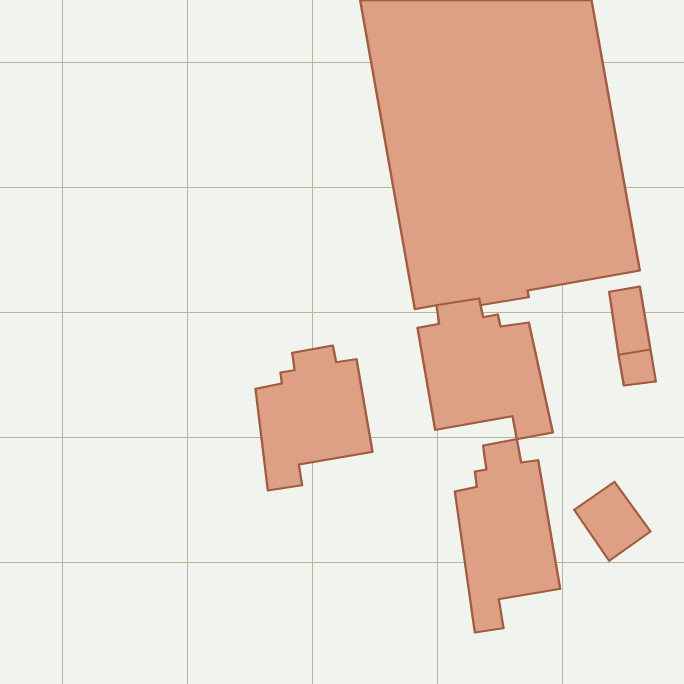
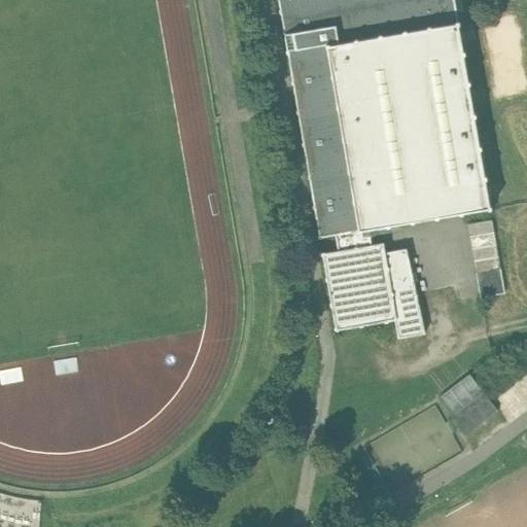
building: [255,345,372,491] -> none
building: [455,439,560,632] -> none

